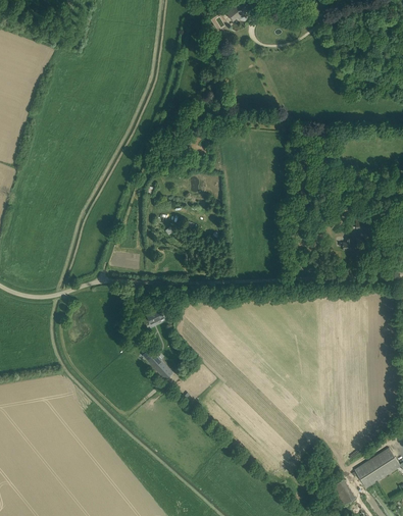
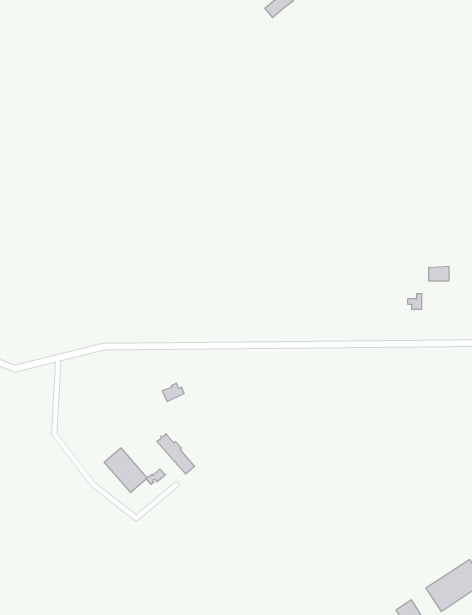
building: none -> [104,448,166,493]

